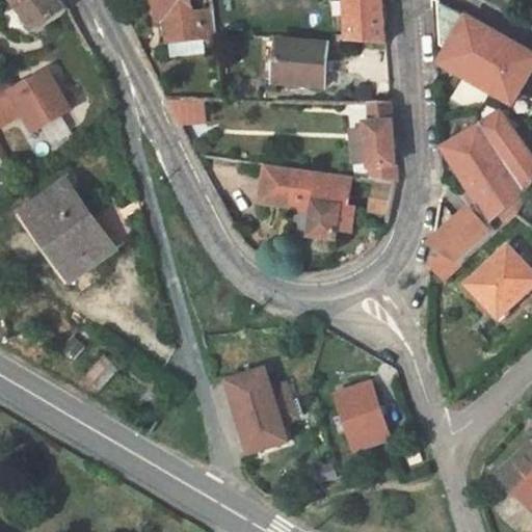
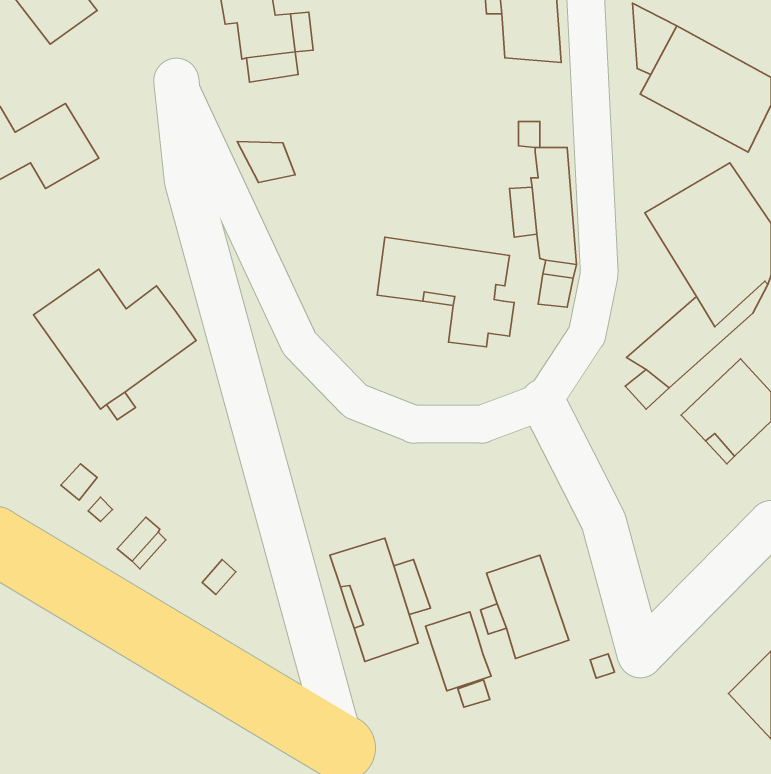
building: [272,38,325,86] -> none
building: none -> [426,612,491,691]

